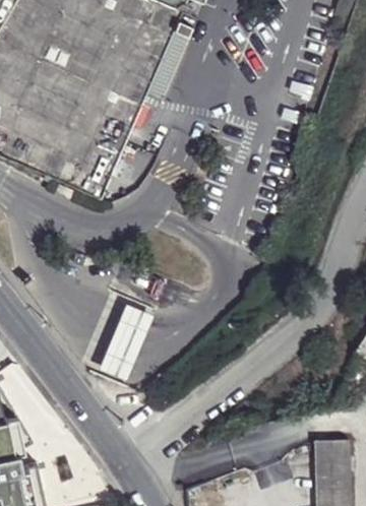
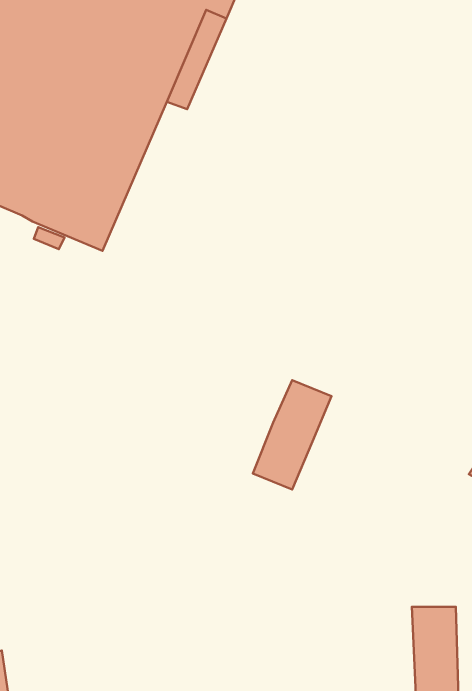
building: [101,300,156,376] -> [253,380,332,490]

